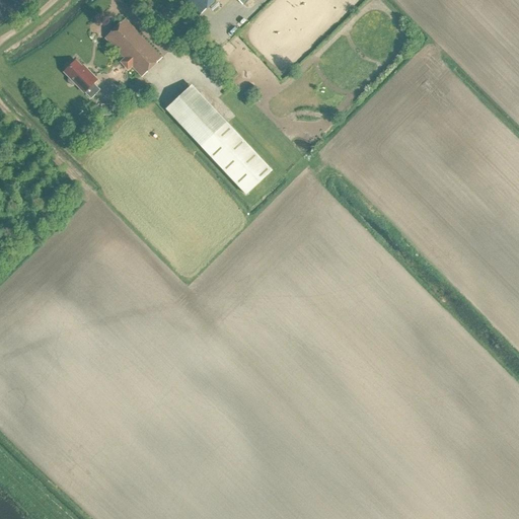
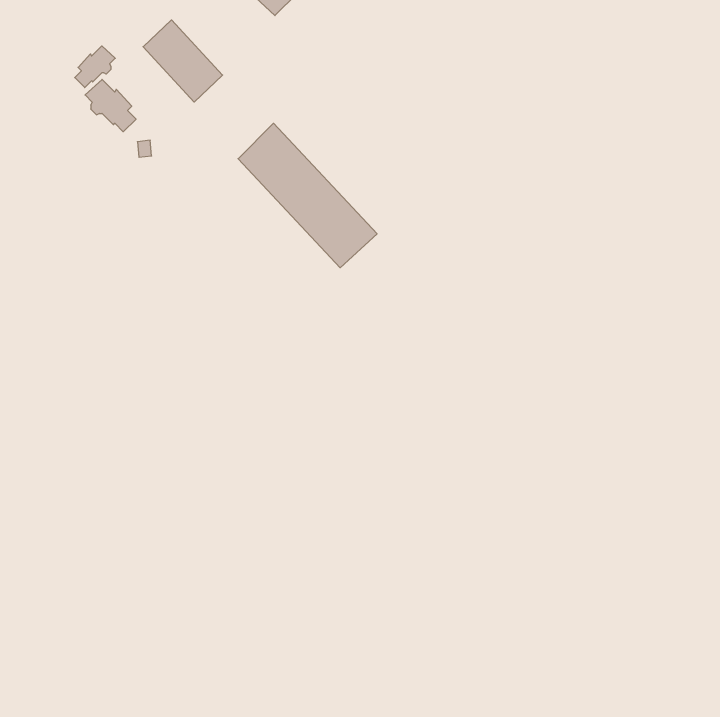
building: none -> [75,46,115,88]

